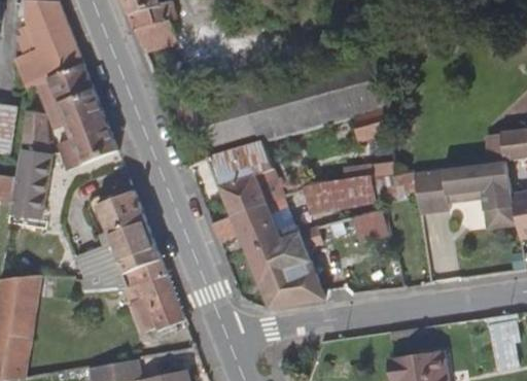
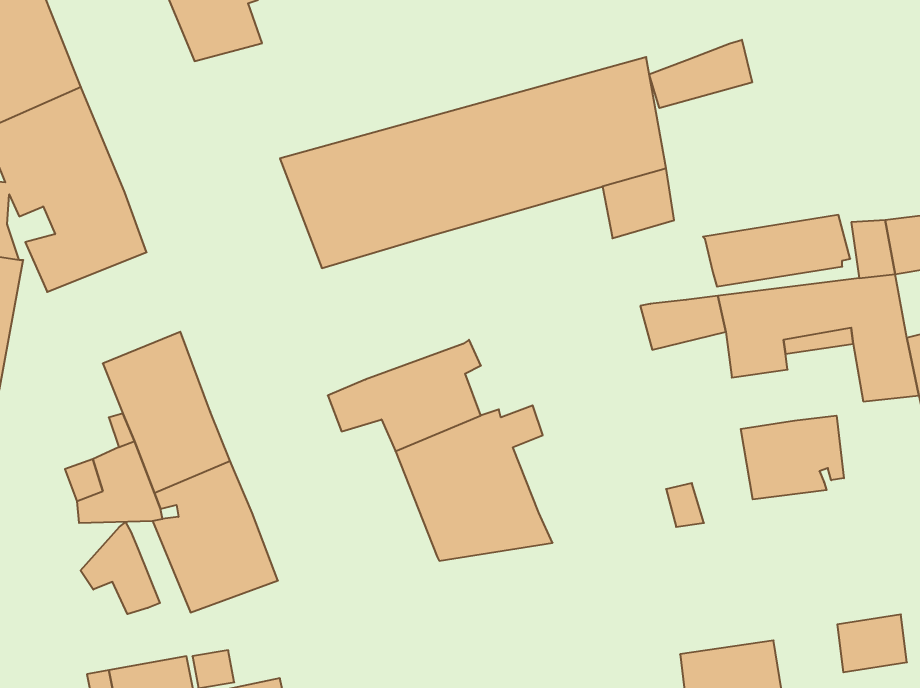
building: none -> [649,40,752,108]
building: [208,141,281,215] -> none
building: [303,177,379,214] -> [703,215,850,287]
building: [352,210,389,243] -> none
building: none -> [741,416,844,499]
building: none -> [81,522,160,614]

